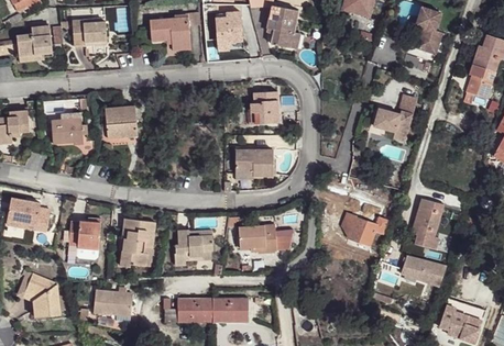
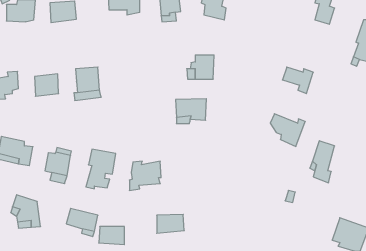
building: [342,214,387,256] -> [270,114,305,146]
building: [243,224,297,252] -> none
building: [402,260,447,292] -> none
building: [178,298,211,321] -> [99,227,124,245]

